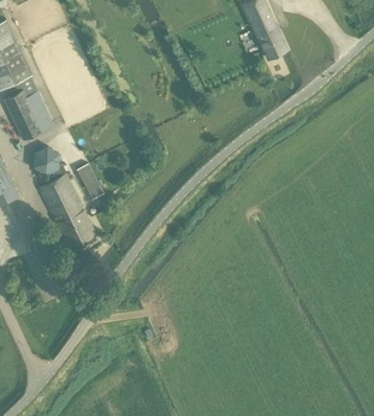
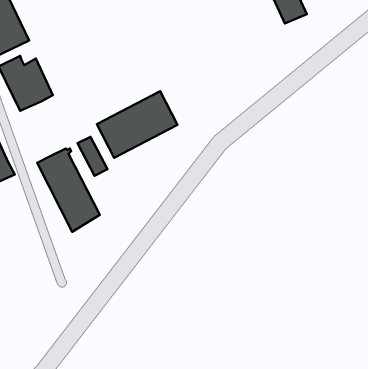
building: none -> [97,91,178,158]
building: [32,145,65,182] -> none

